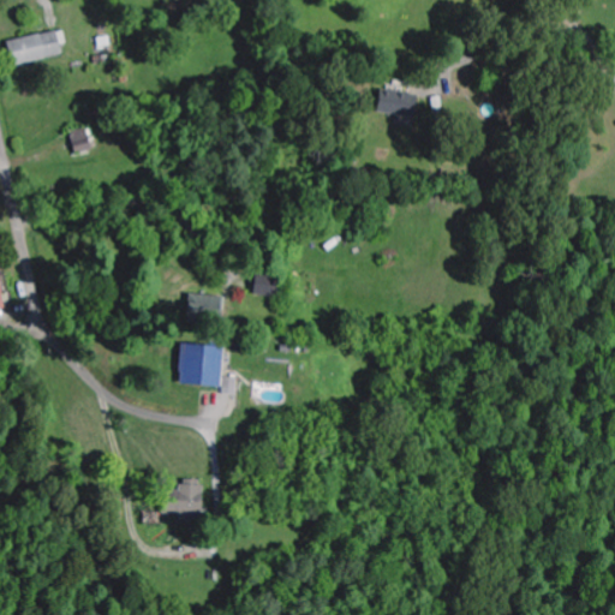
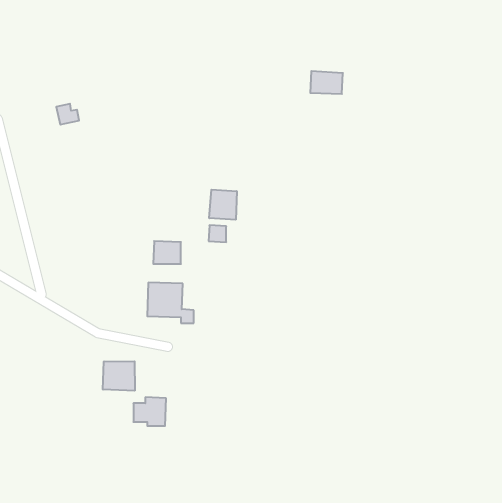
building: [6,26,65,64] -> none
building: none -> [209,190,237,220]
building: none -> [103,361,135,391]

